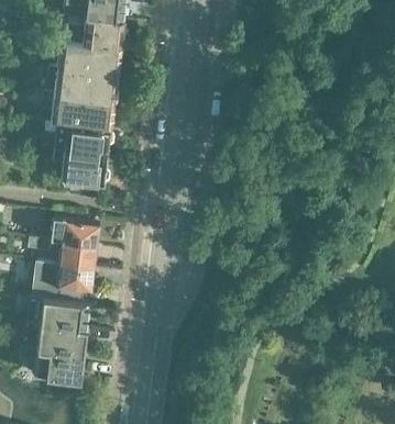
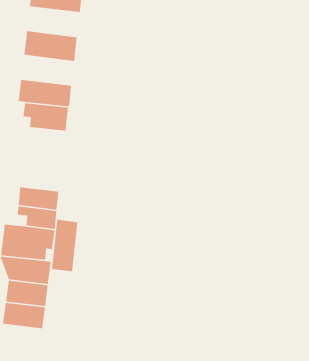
building: [61,15,123,49] -> none
building: [54,70,116,104] -> none
building: [61,153,106,186] -> none
building: none -> [51,219,78,272]

